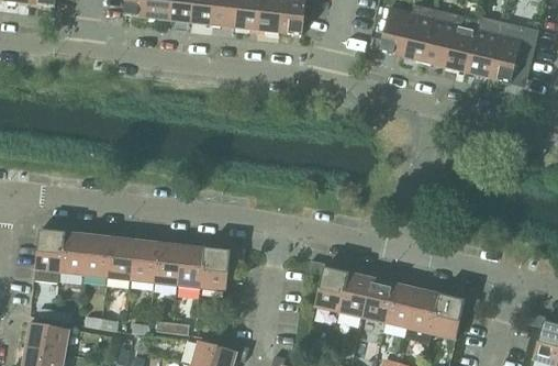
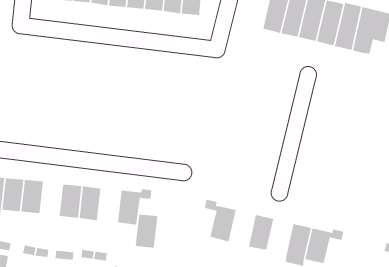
building: [107,237,134,280] -> none
building: [177,246,205,288] -> [135,214,158,248]
building: [338,273,370,318] -> none
building: [384,284,416,328] -> none

